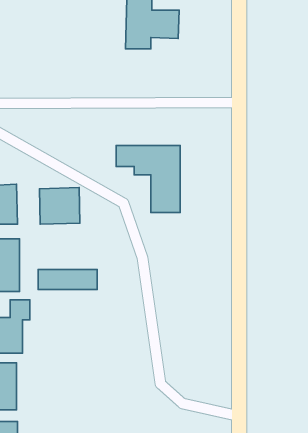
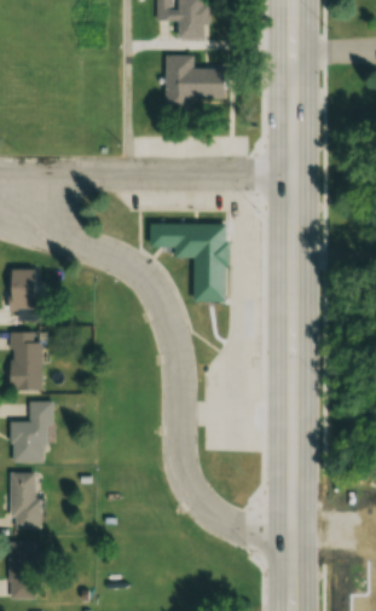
building: [39,188,80,224] -> none
building: [38,269,97,289] -> none

